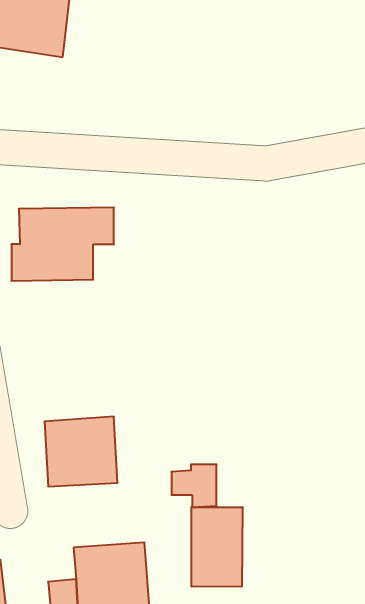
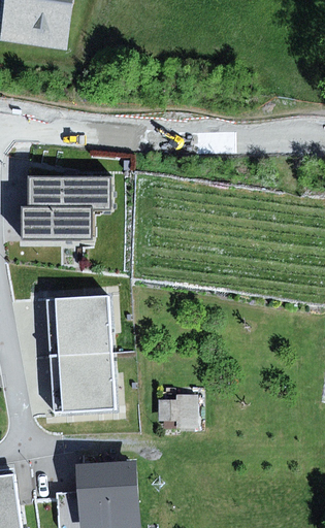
building: none -> [47,297,110,358]
building: [191,507,243,587] -> none

